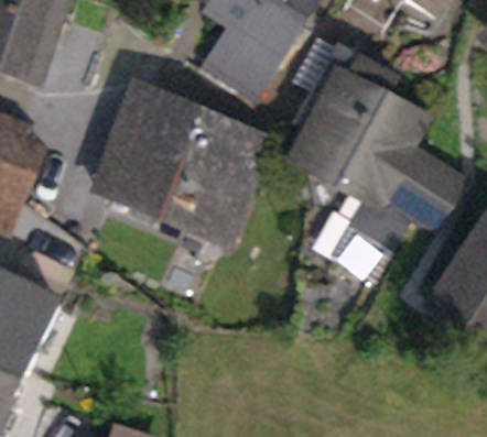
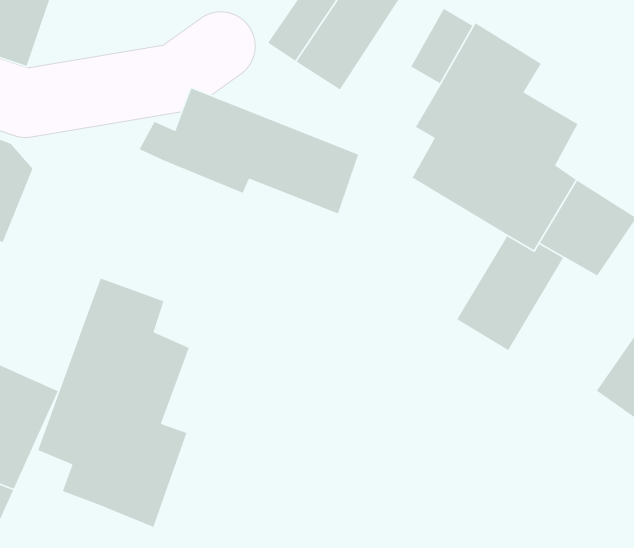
building: [93,133,252,240] -> none
building: none -> [37,278,190,528]

